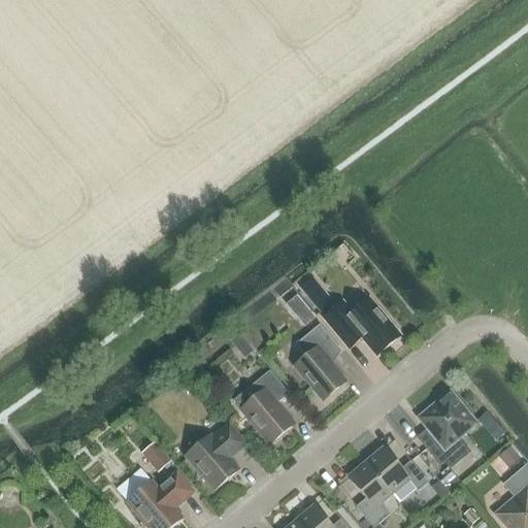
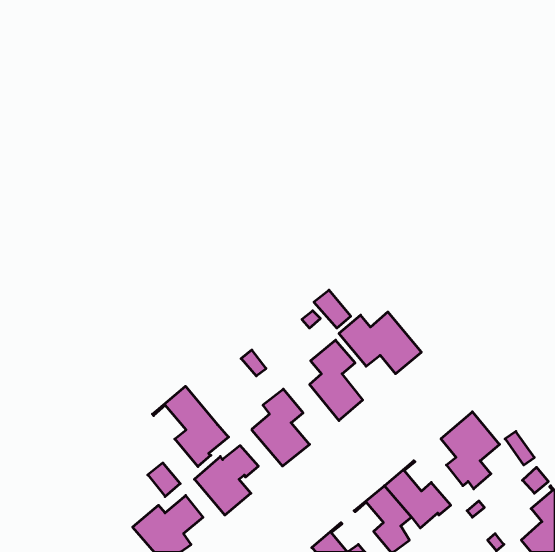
building: none -> [152,386,229,467]

